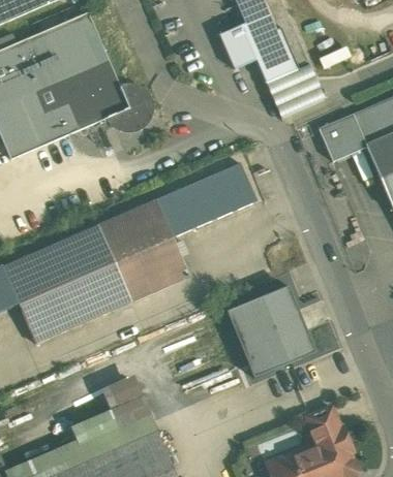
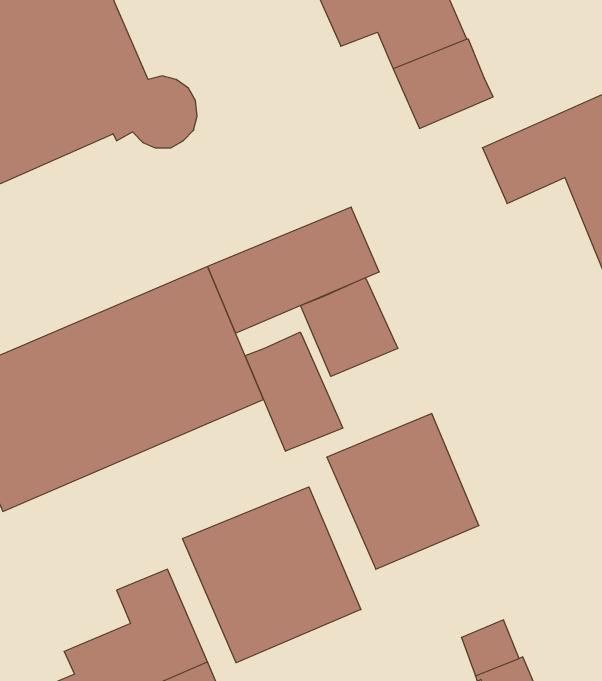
building: none -> [301,278,398,376]
building: none -> [245,332,343,451]
building: none -> [183,487,361,663]

